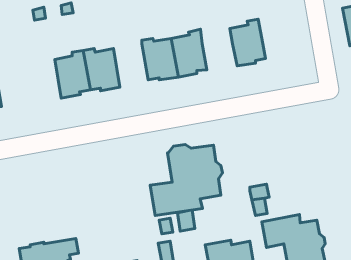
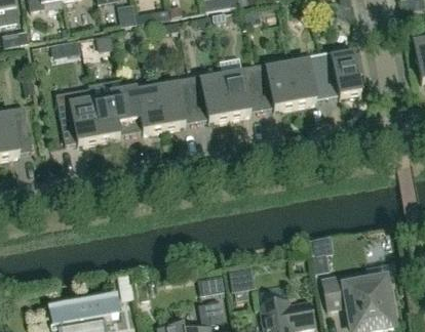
building: none -> [319,50,361,97]
building: none -> [255,61,296,109]
building: none -> [157,76,196,128]
building: none -> [55,87,99,143]
building: [150,144,222,216] -> none

